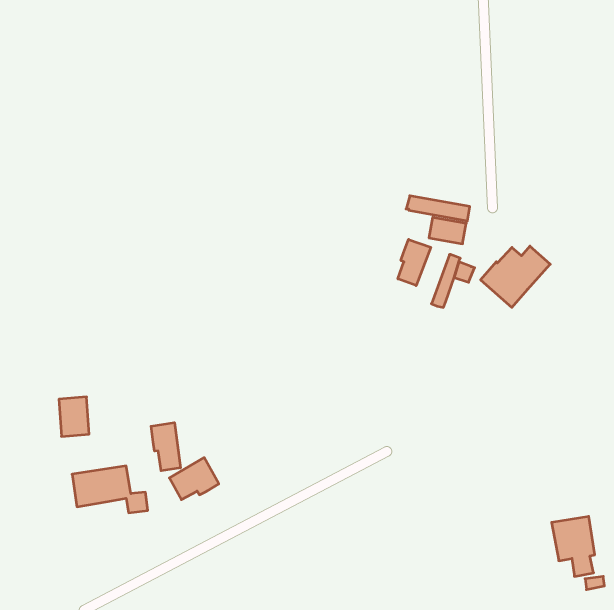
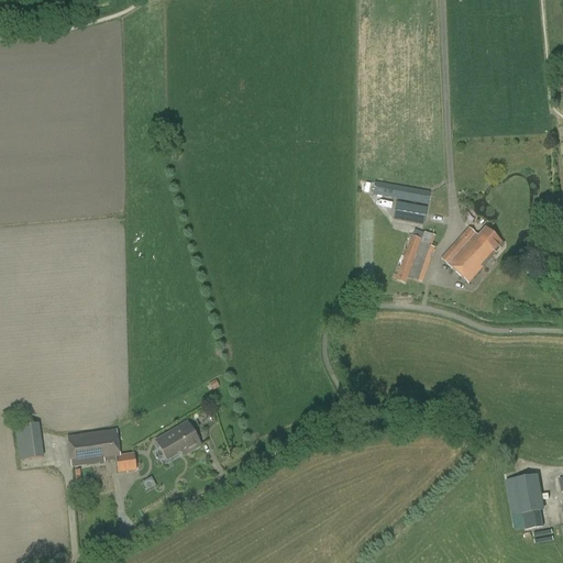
building: [398,239,431,286] -> none
building: [59,397,89,436] -> [16,421,44,457]
building: [151,423,180,471] -> none

